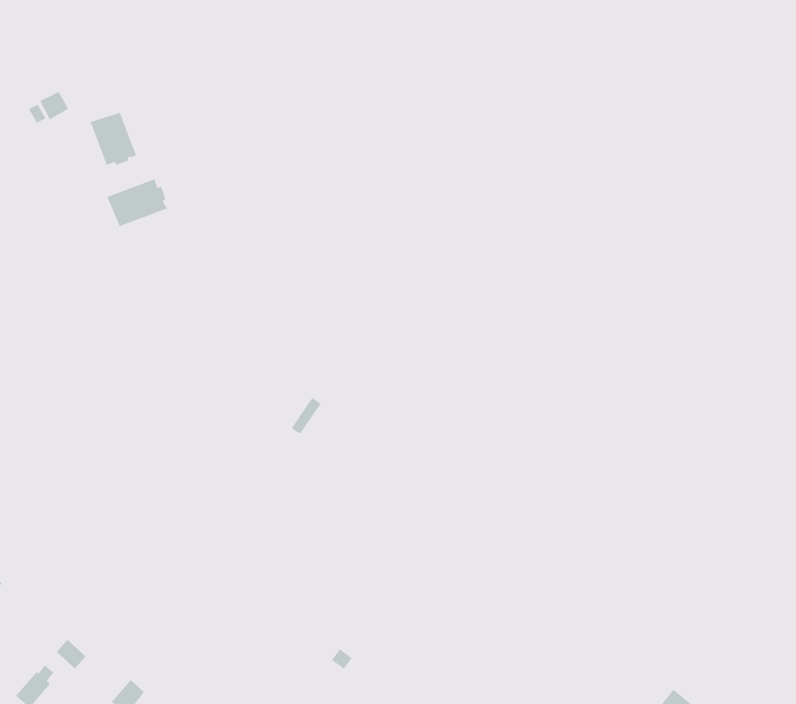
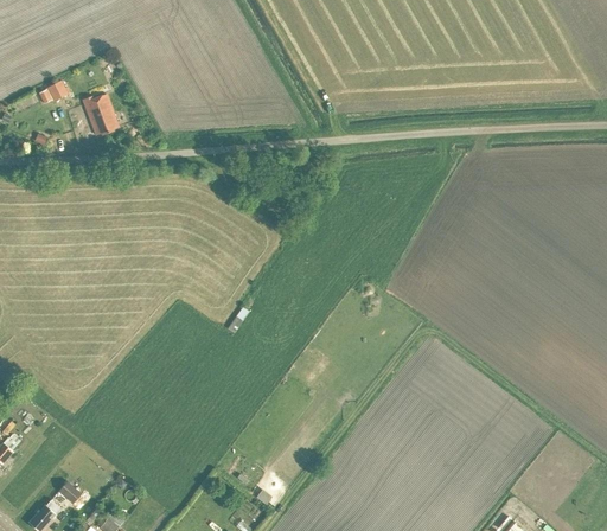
building: [106,179,168,227] -> none

